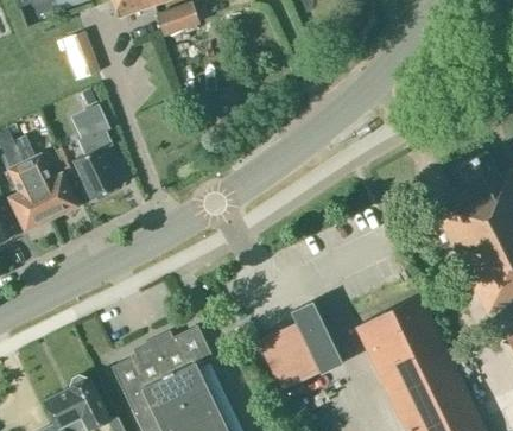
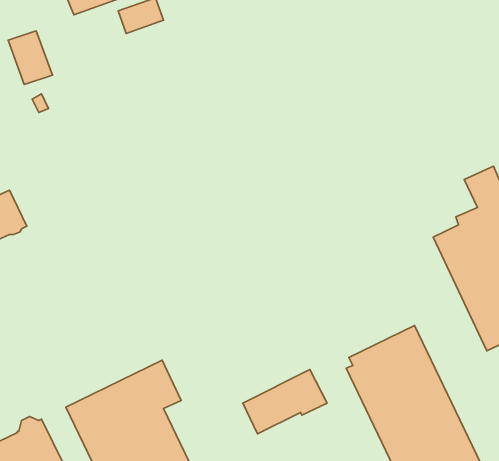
building: [74,106,120,198] -> none
building: [258,300,328,362] -> none

